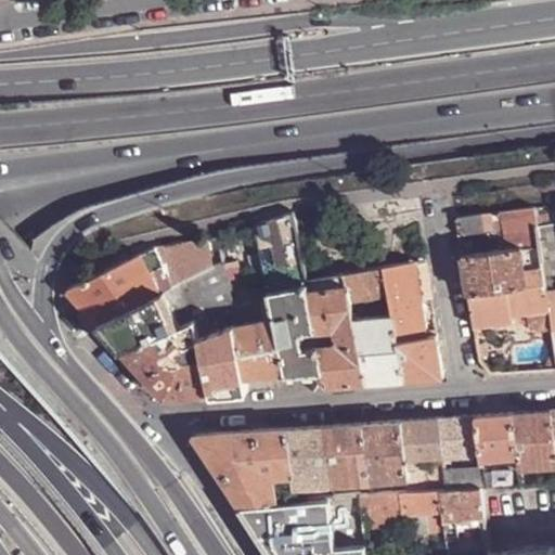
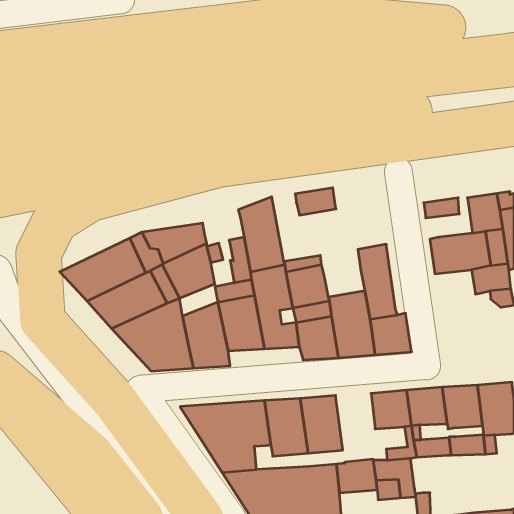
building: [343,271,386,300] -> [295,188,336,215]
building: [465,293,509,331] -> none
building: [359,425,403,486] -> none
building: [439,491,482,527] -> none

